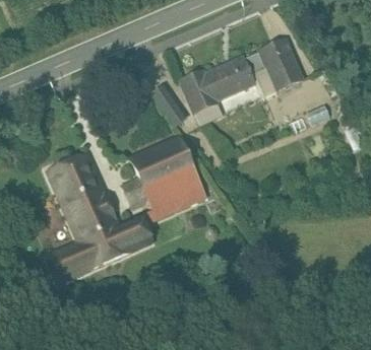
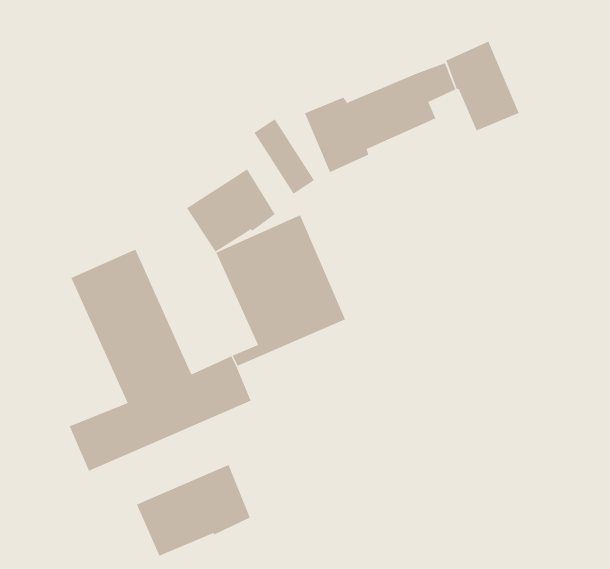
building: none -> [186,169,275,252]
building: none -> [136,464,250,556]

